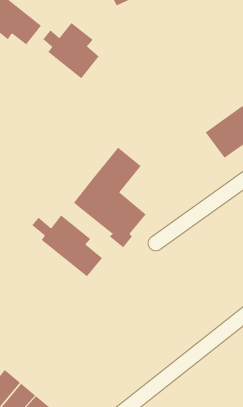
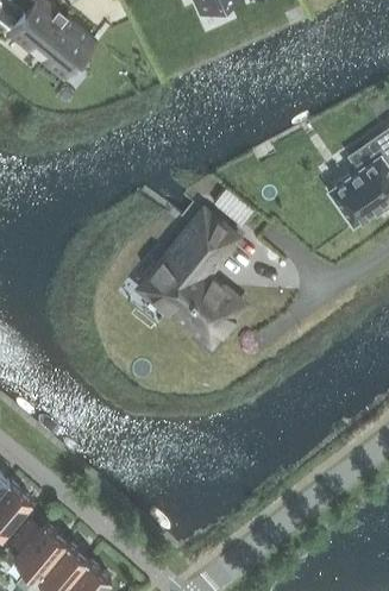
building: [42,22,100,79] -> none
building: [32,215,103,277] -> none

